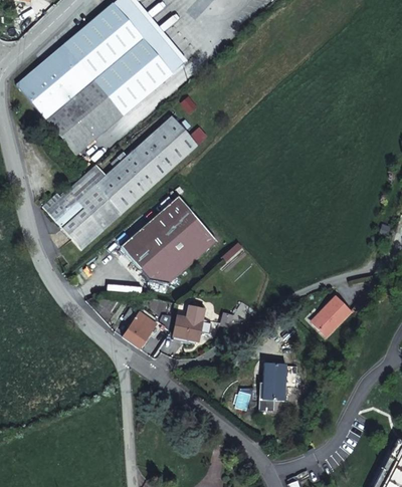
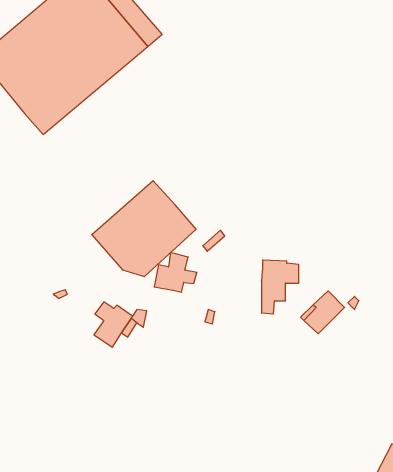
building: [42,114,198,248] -> none
building: [173,304,212,340] -> [154,253,197,292]
building: [263,361,297,411] -> [261,260,299,314]

